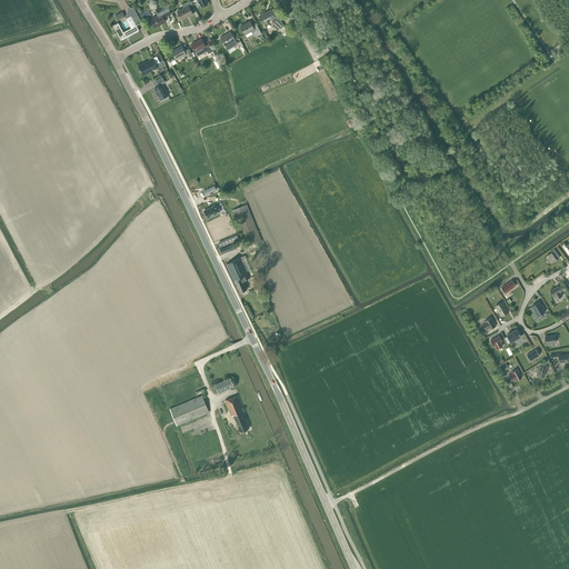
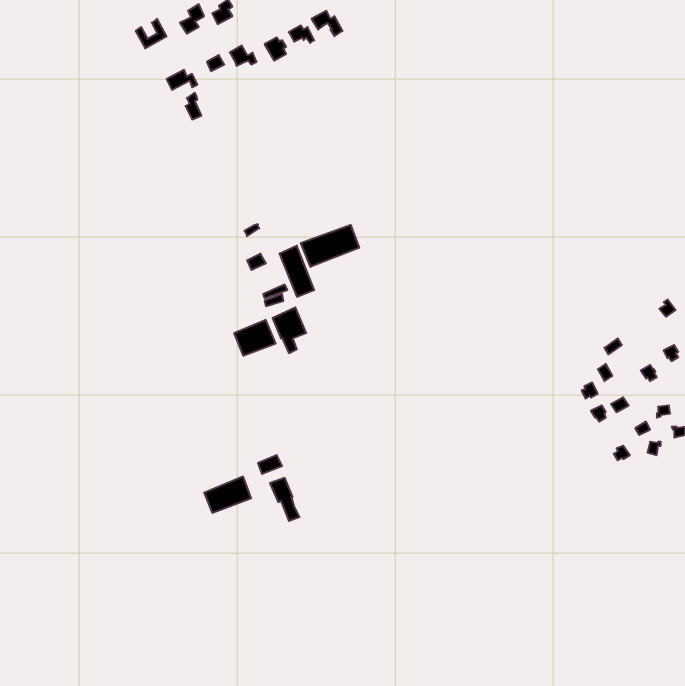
building: none -> [301,225,359,267]
building: none -> [234,320,276,356]

